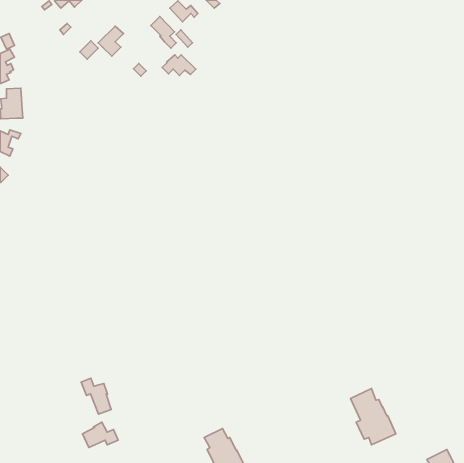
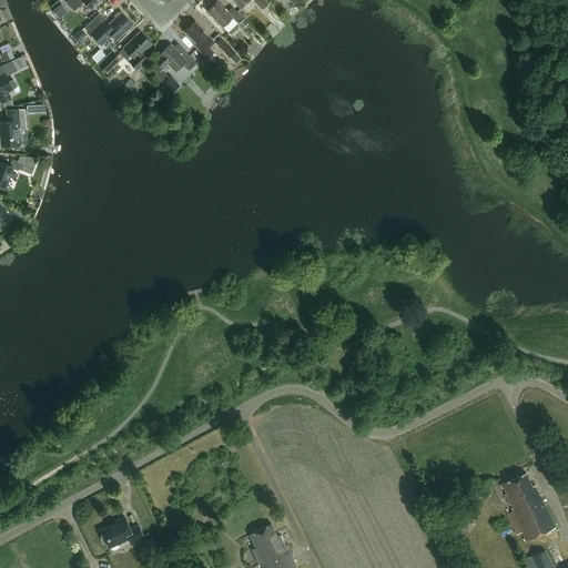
building: none -> [85,12,132,44]
building: [162,55,196,76] -> [155,45,196,71]
building: [81,378,111,414] -> none
building: [351,388,396,445] -> [500,473,556,541]

